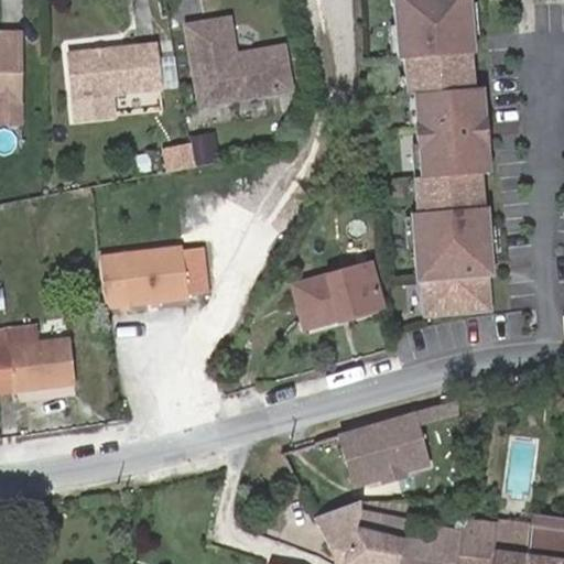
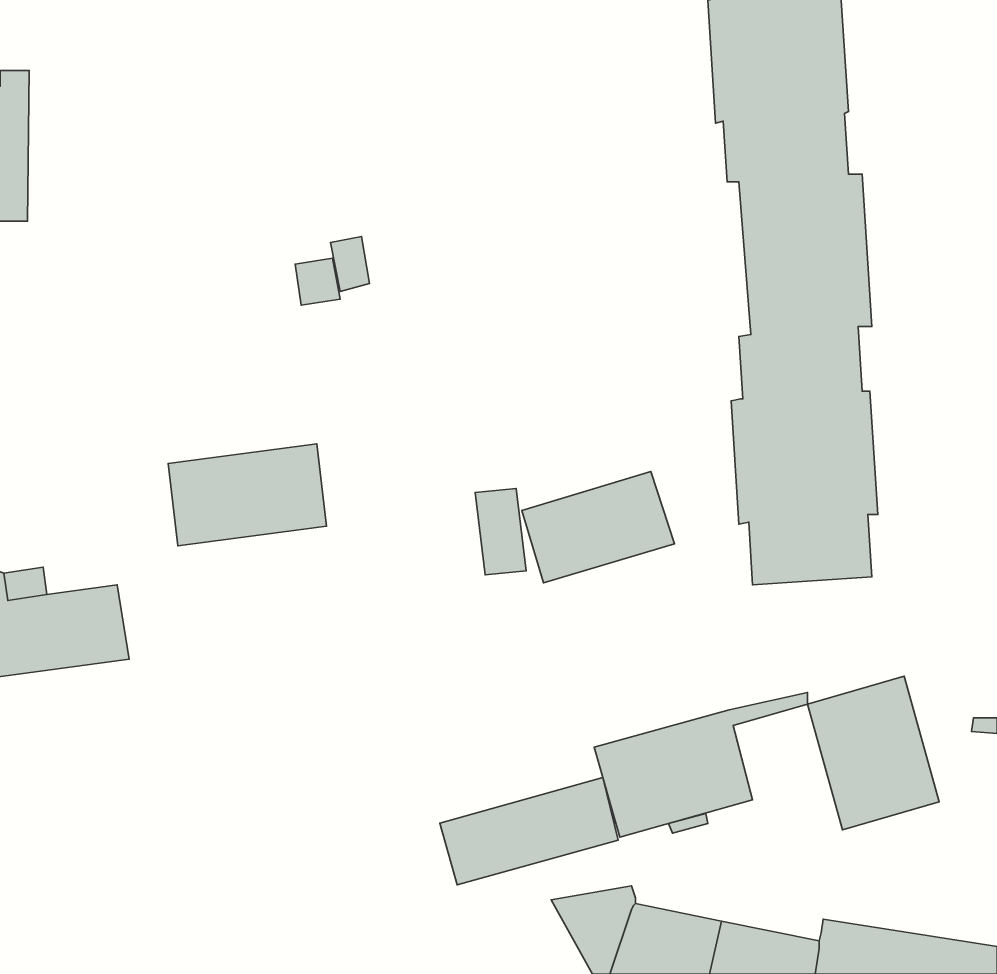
building: [189,22,290,107] -> none
building: [72,47,162,119] -> none
building: [178,248,207,296] -> [475,489,526,575]
building: none -> [807,676,939,830]
building: none -> [440,777,618,885]

